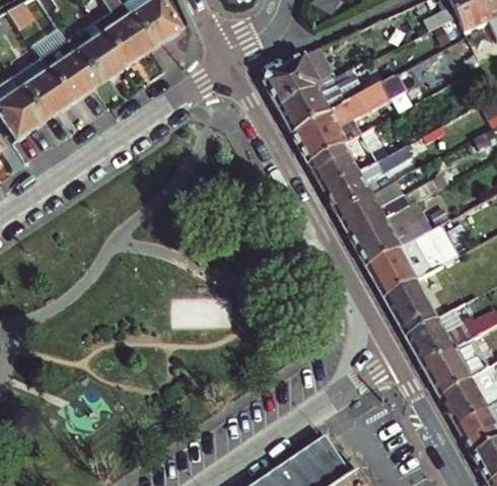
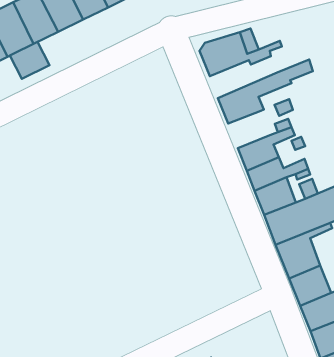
building: [283,79,362,137] -> none
building: none -> [10,42,50,79]
building: [312,145,363,193] -> none

